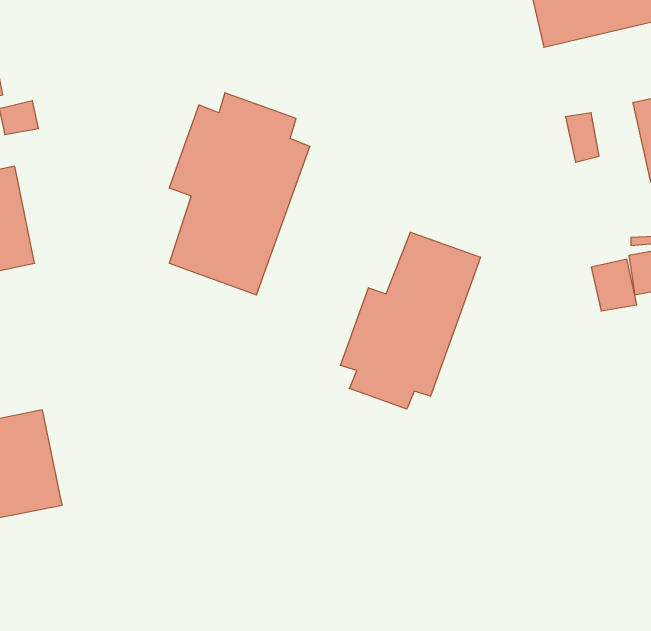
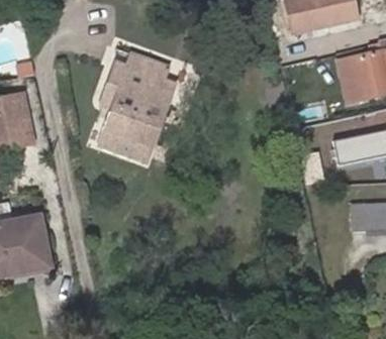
building: [340,232,481,409] -> none

